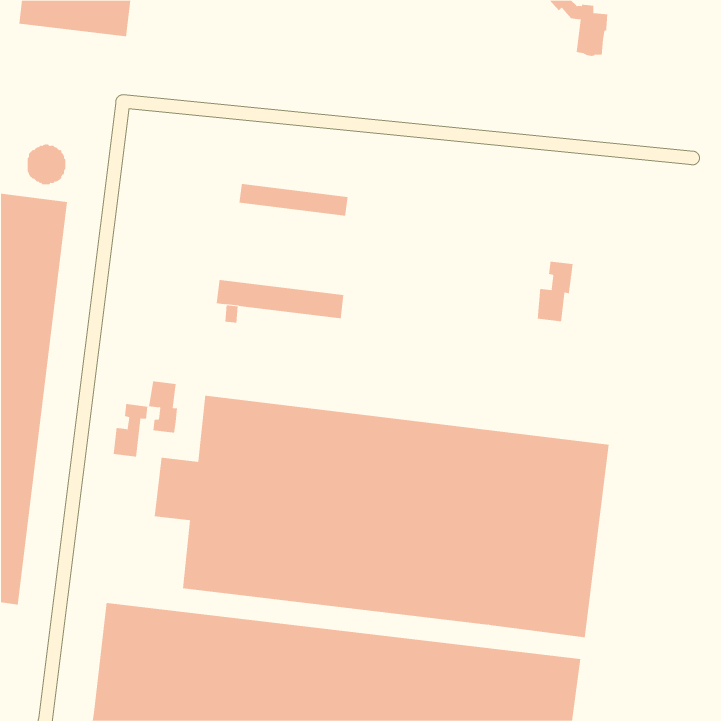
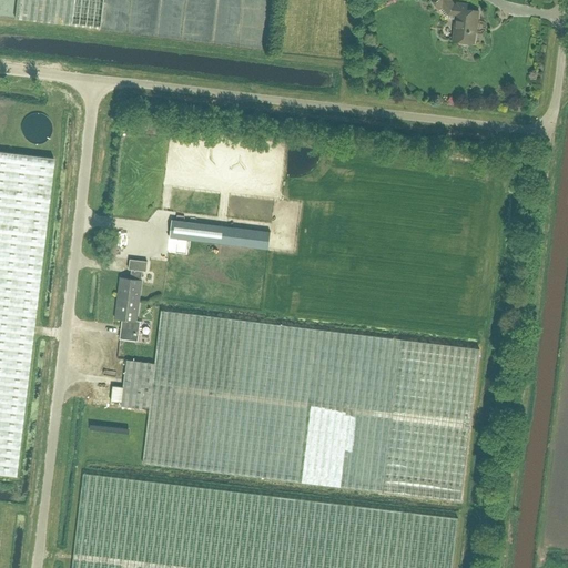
building: [239,183,348,216] -> none
building: [537,261,573,322] -> none
building: [113,404,148,457] -> [120,260,148,302]

